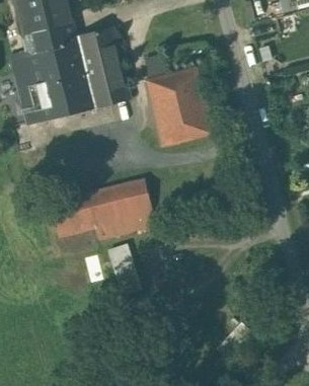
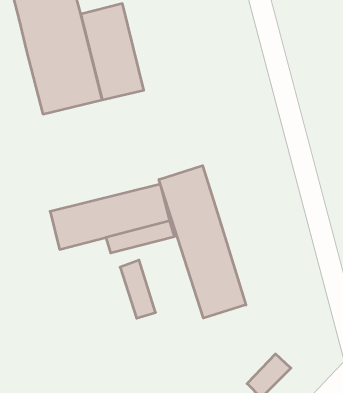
building: [13,65,44,124] -> none
building: [145,67,210,145] -> none
building: none -> [159,166,246,318]

